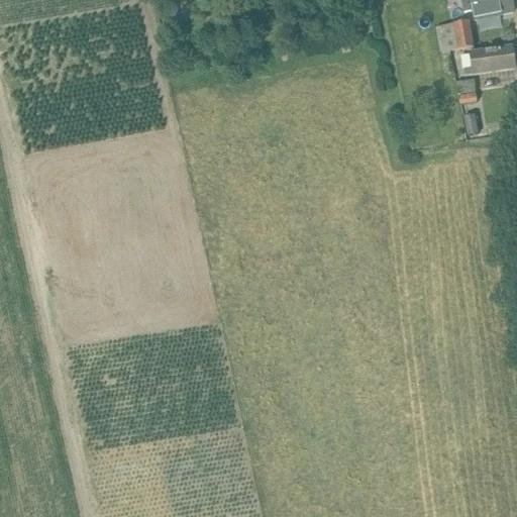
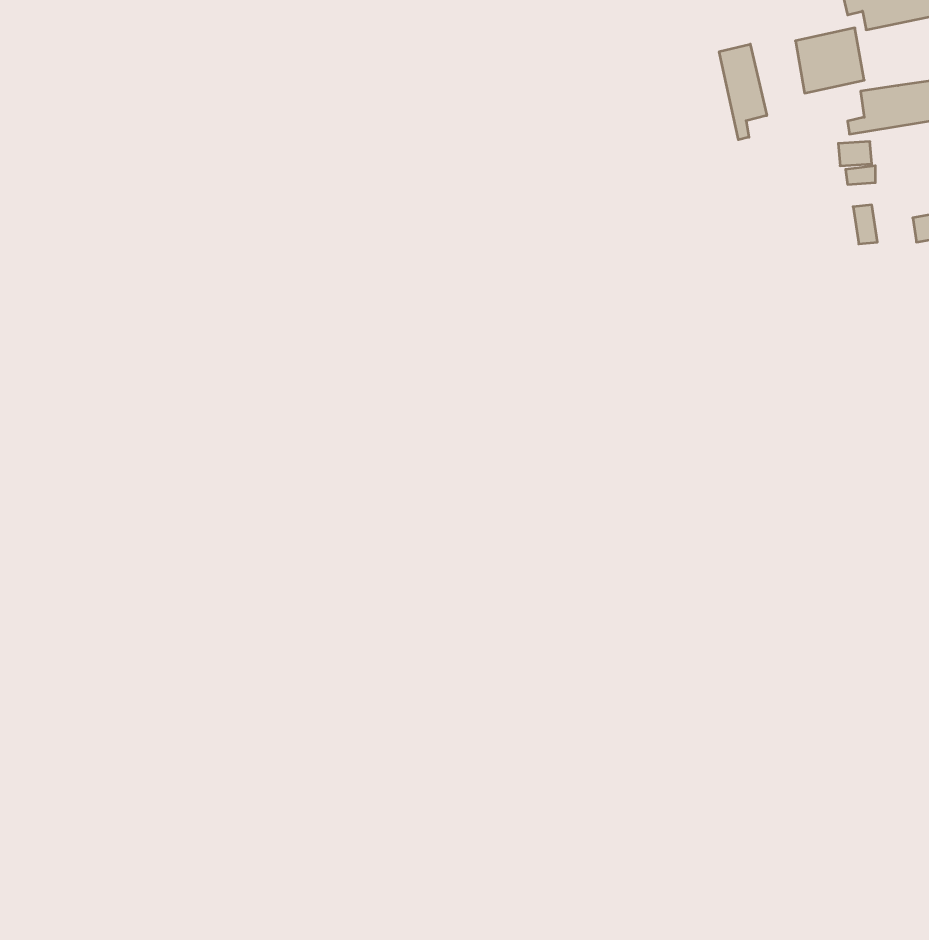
building: none -> [719,44,767,140]

